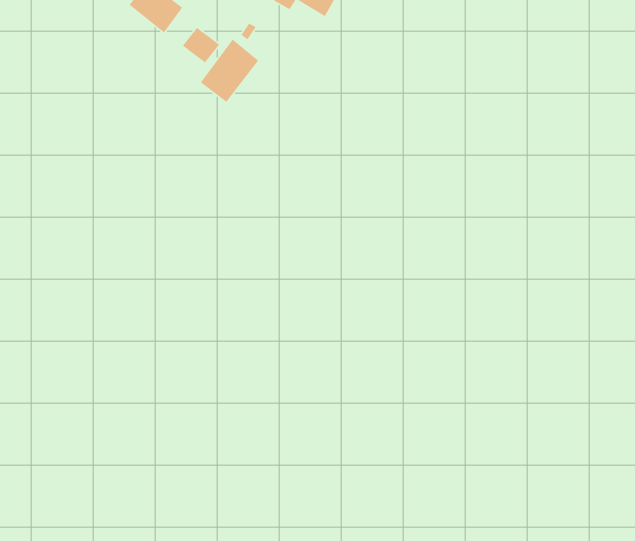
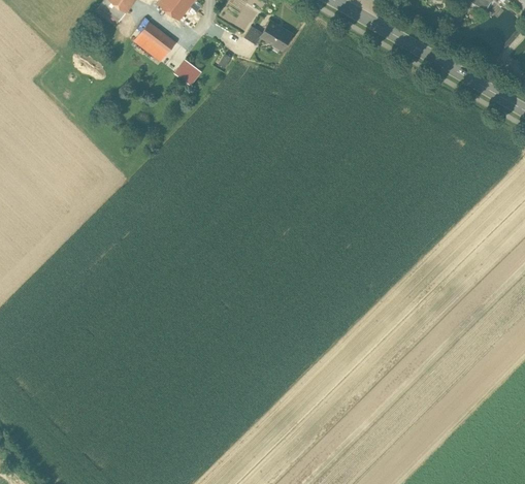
building: [200,39,259,103] -> none

